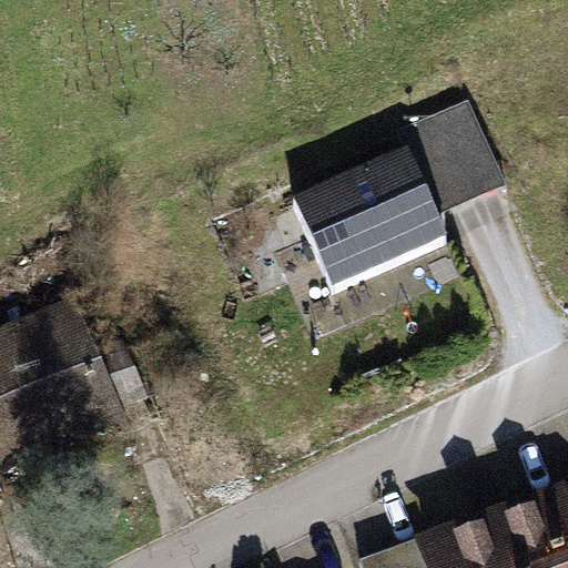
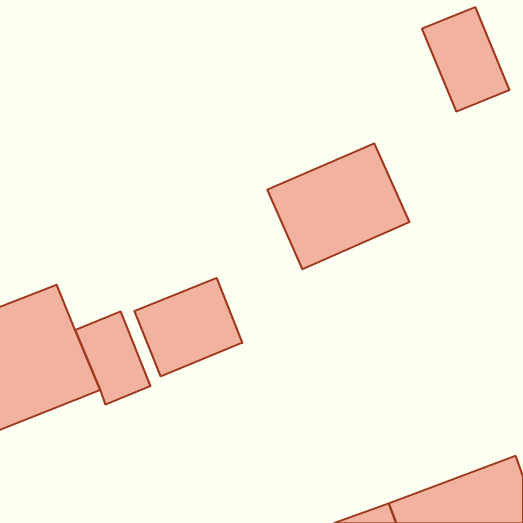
building: [408,97,503,209] -> [422,7,510,111]
building: none -> [134,278,242,376]

